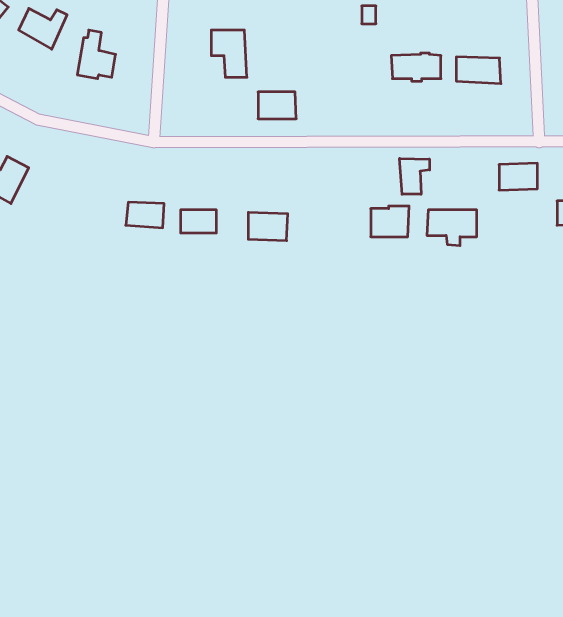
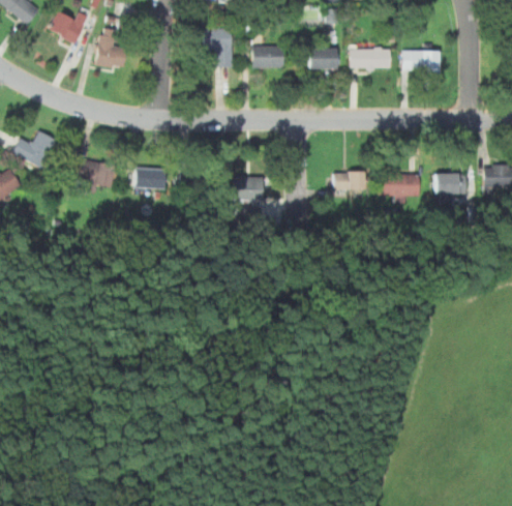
building: none -> [308,49,336,69]
building: [258,92,296,119] -> [252,47,283,68]
building: [400,158,430,194] -> none
building: [499,163,537,190] -> [434,173,465,195]
building: none -> [76,158,115,187]

